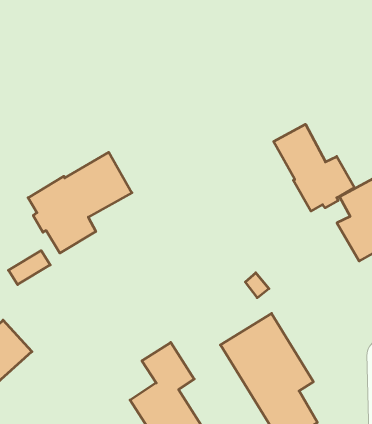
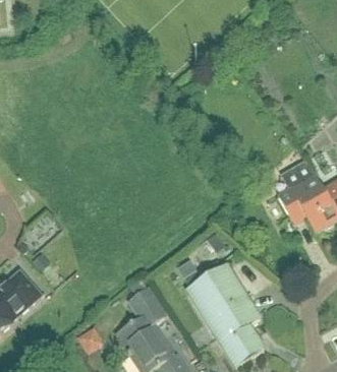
building: [274,124,354,211] -> none
building: [28,152,132,253] -> none

